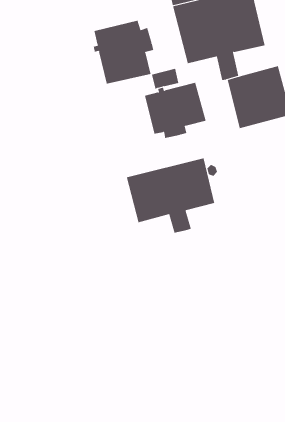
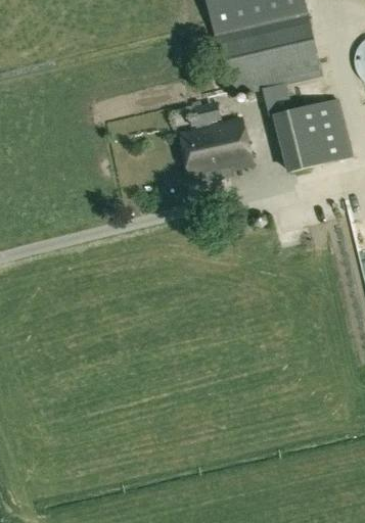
building: [93,20,154,84] -> none
building: [126,157,215,234] -> none

